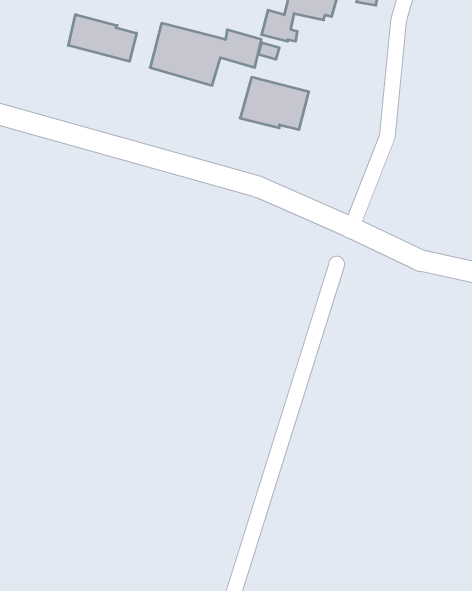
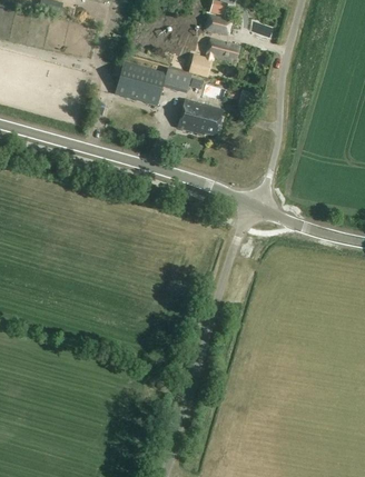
building: [68,14,137,61] -> none

